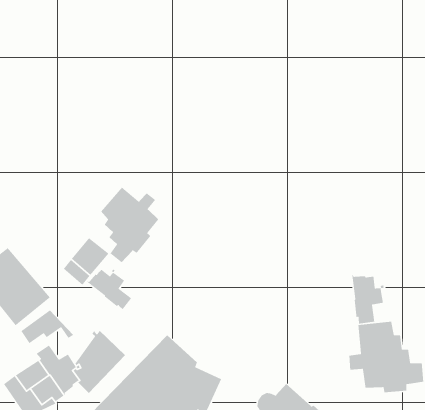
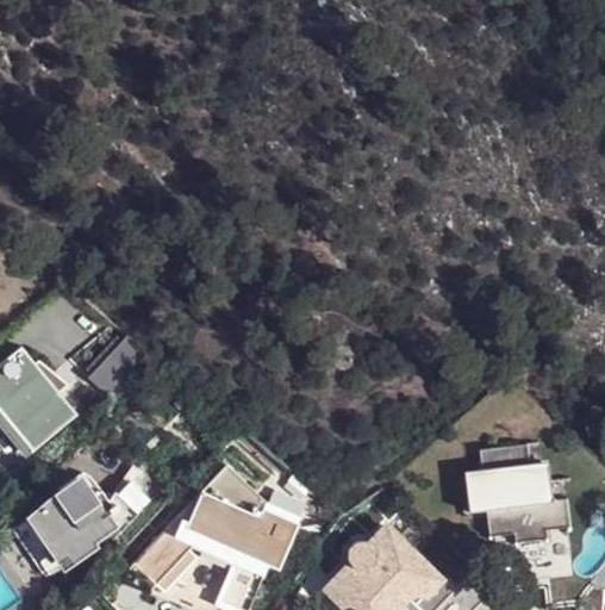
building: [100,186,159,263] -> none
building: [86,268,132,310] -> none
building: [351,274,385,325] -> none
building: [21,309,74,344] -> none

